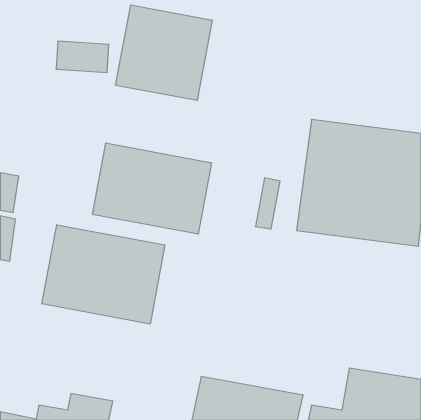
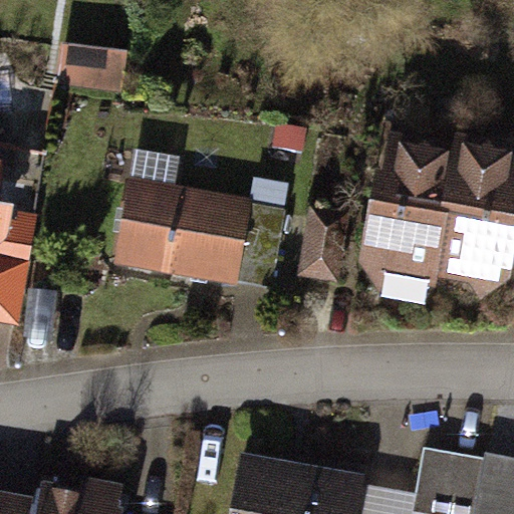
building: [116,5,212,101] -> none
building: [42,225,165,324] -> none

